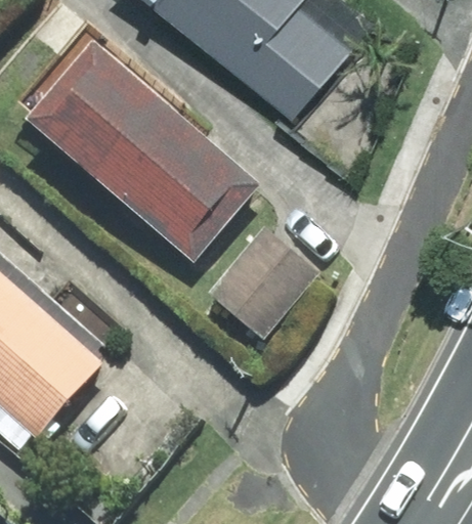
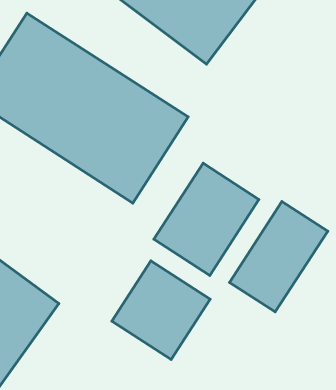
building: none -> [229,201,328,312]
building: none -> [112,261,210,360]

